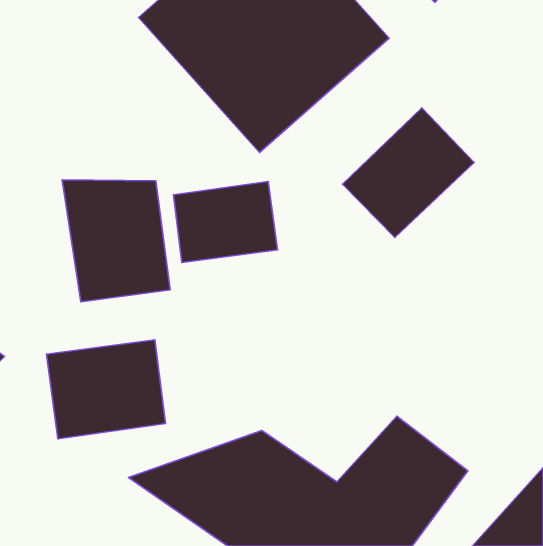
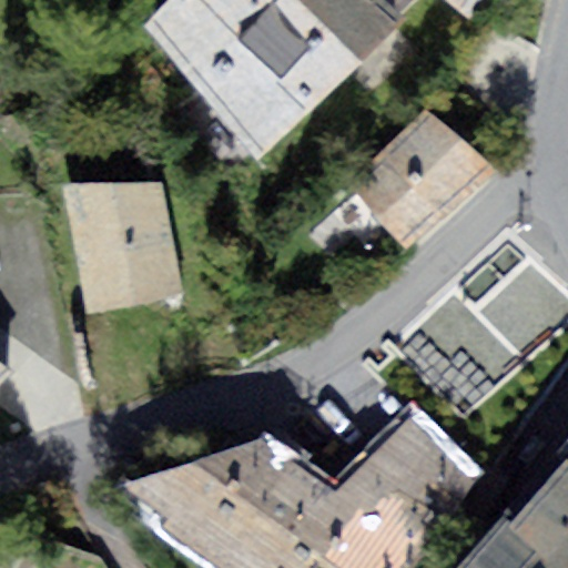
building: [173,181,277,263] -> none
building: [47,340,165,439] -> none

